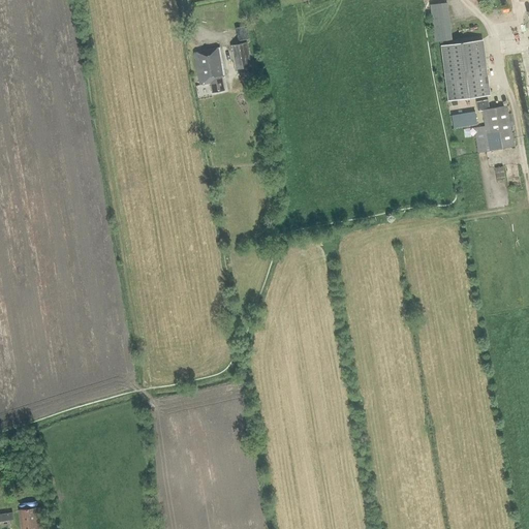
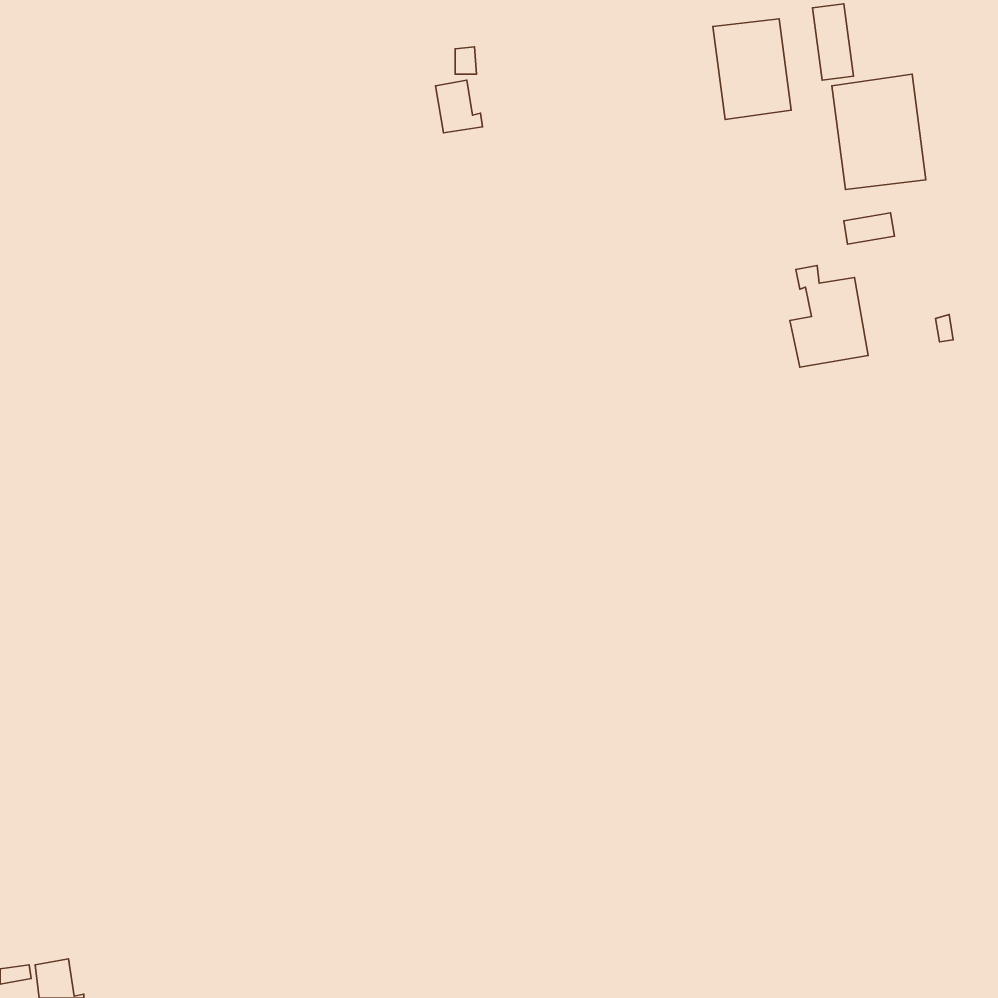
building: none -> [713,19,791,120]
building: [194,49,224,92] -> none
building: [473,99,515,153] -> [790,266,868,367]

